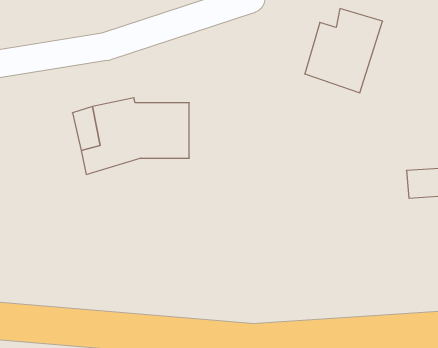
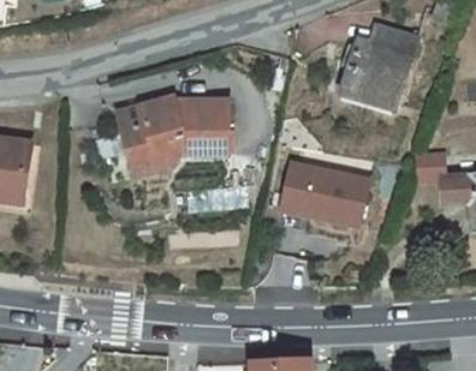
building: none -> [279,156,369,222]

